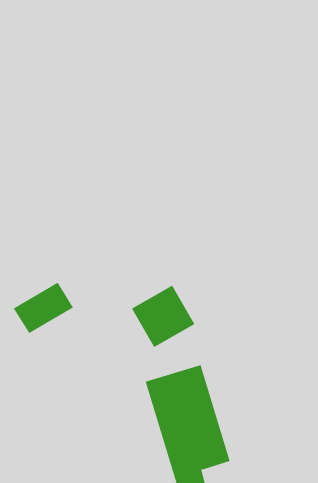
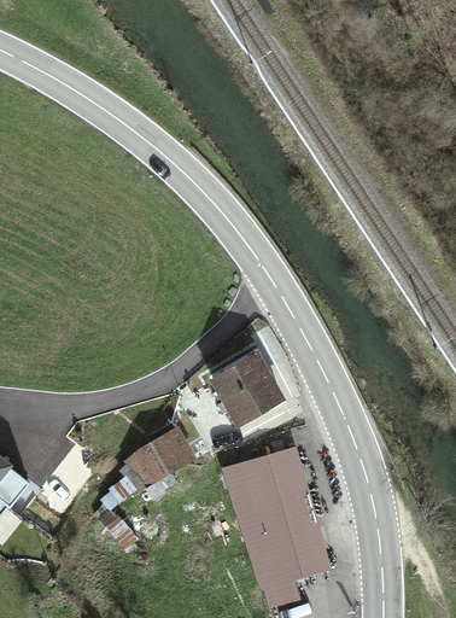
building: [13,282,74,334] -> [123,425,198,489]

